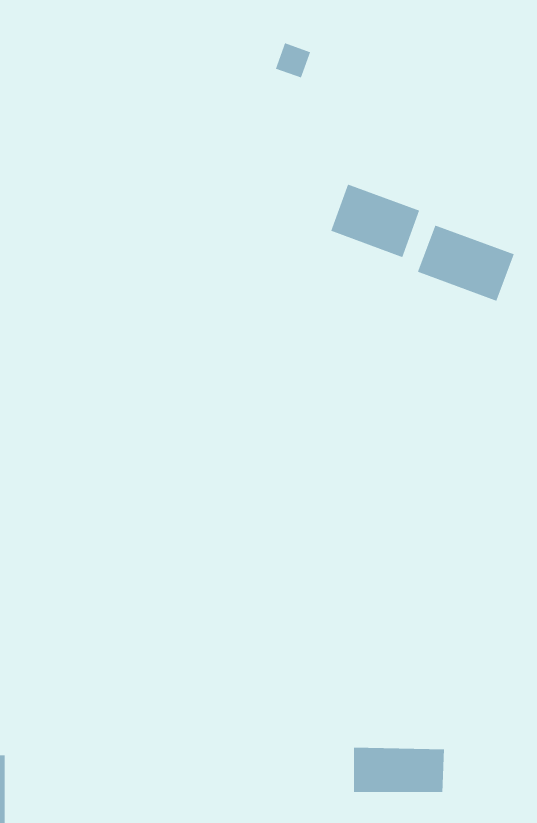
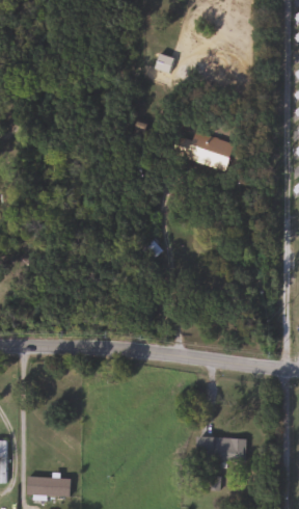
building: [417,224,515,302] -> none

